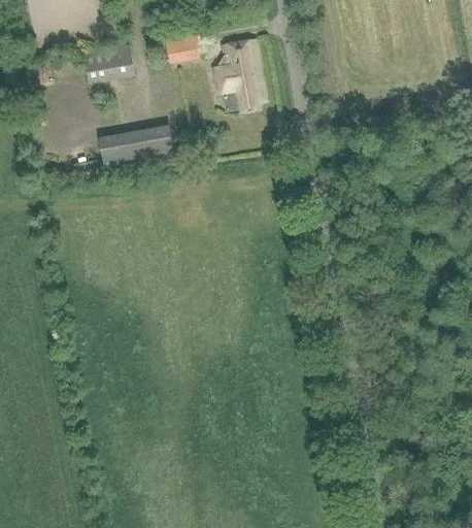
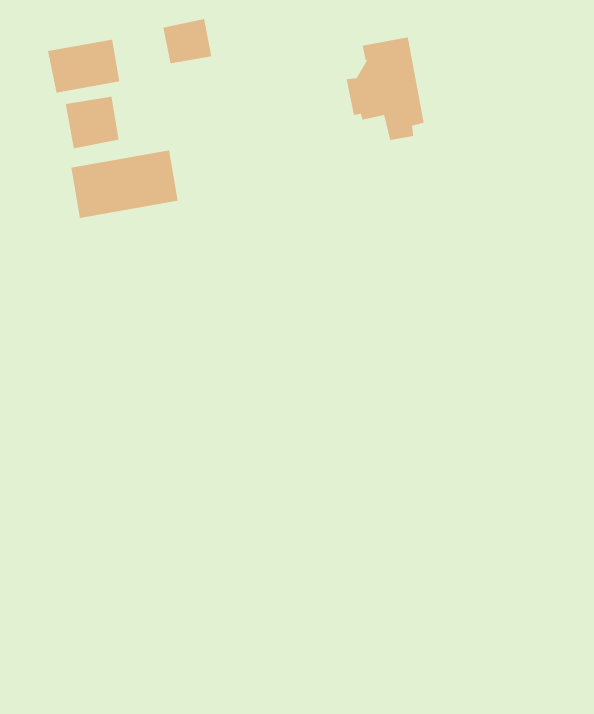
building: [211,36,267,109] -> [346,37,425,140]
building: none -> [65,96,119,149]

